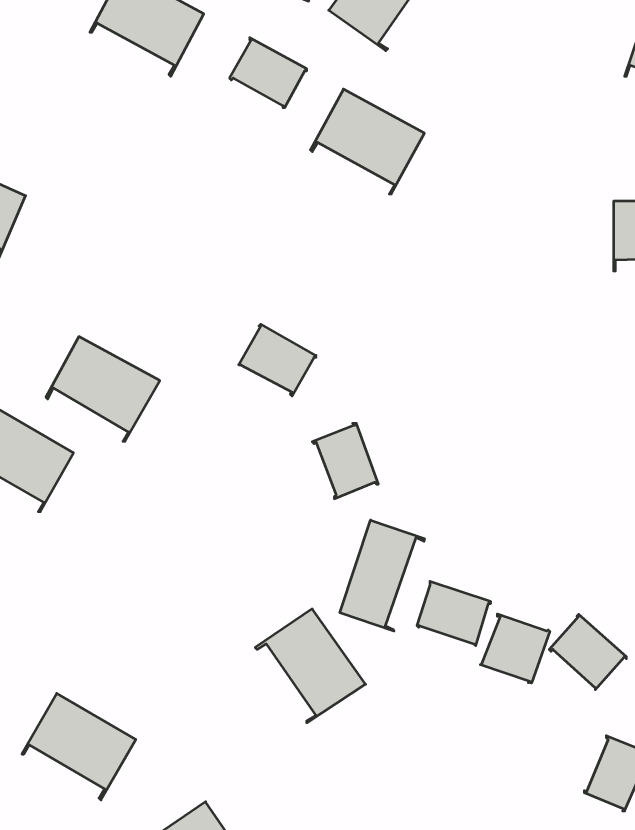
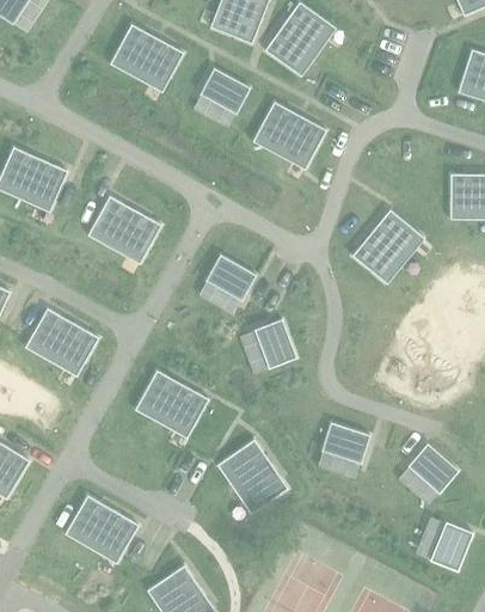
building: none -> [351,210,424,286]
building: [46,337,160,441] -> [87,197,161,265]
building: none -> [134,372,208,440]
building: [340,520,424,631] -> none
building: [480,614,550,683] -> none

